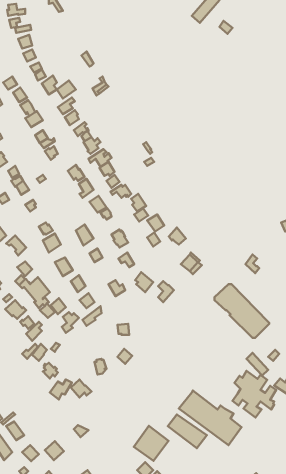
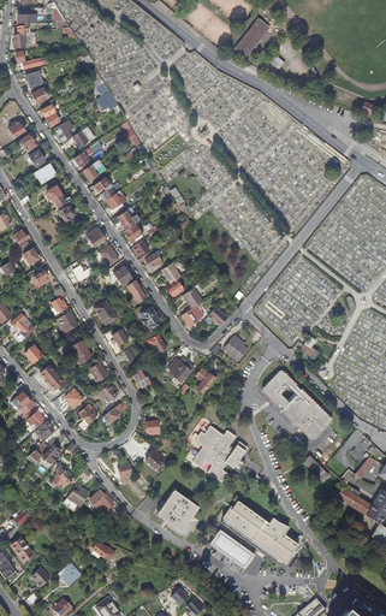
building: [233,371,276,418] -> [192,425,245,481]
building: [134,426,169,461] -> [155,488,197,531]

